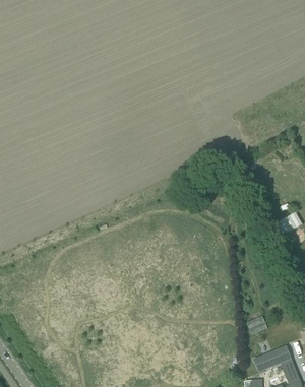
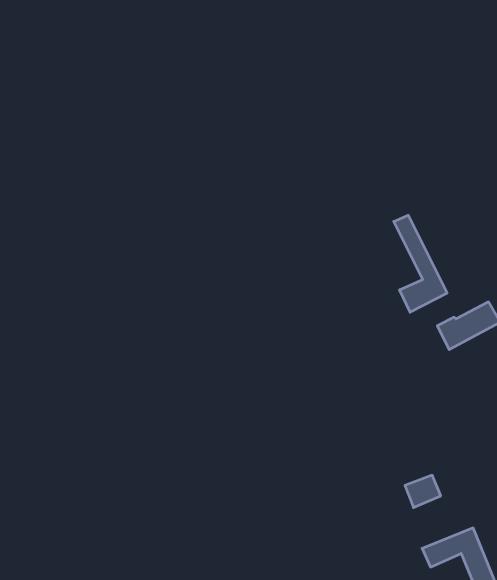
building: none -> [394,215,447,312]

